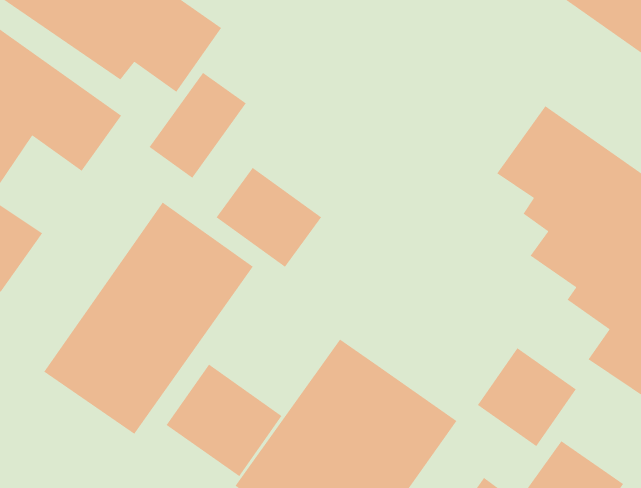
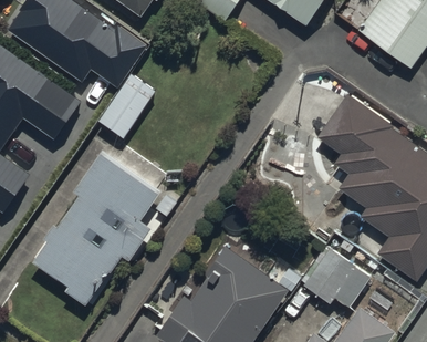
building: [215,167,322,268] -> none
building: [166,364,283,477] -> none

